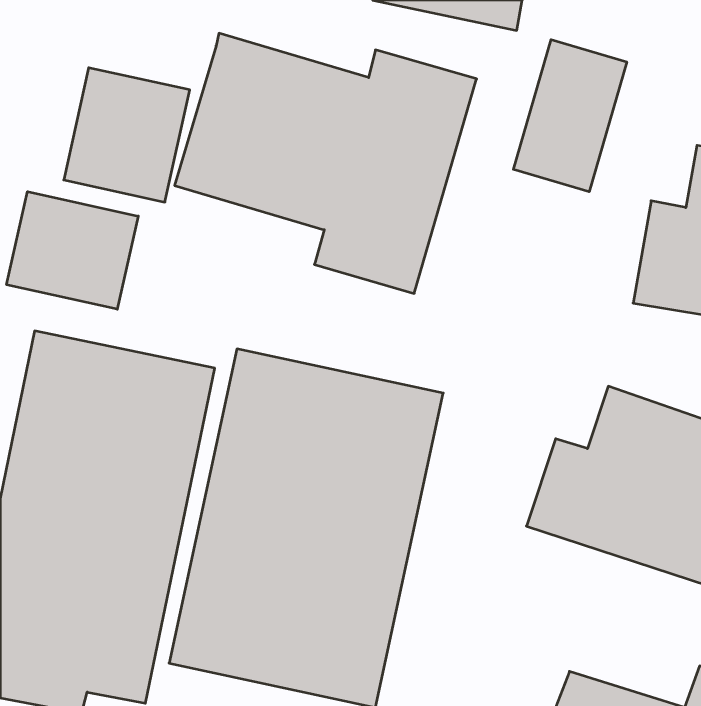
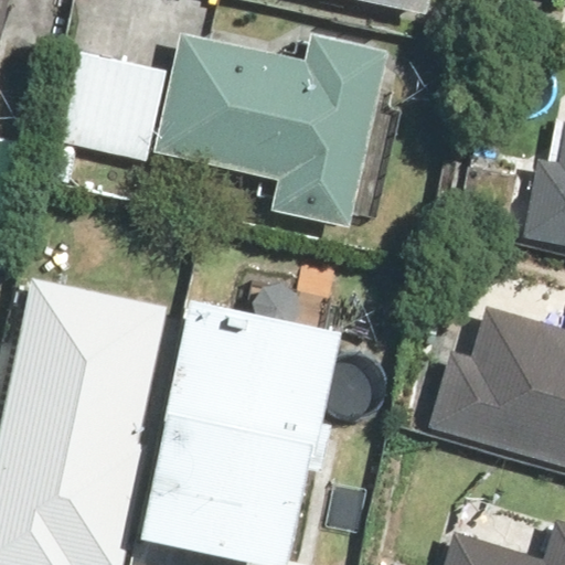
building: [513,40,627,192] -> none
building: [7,192,138,309] -> none

